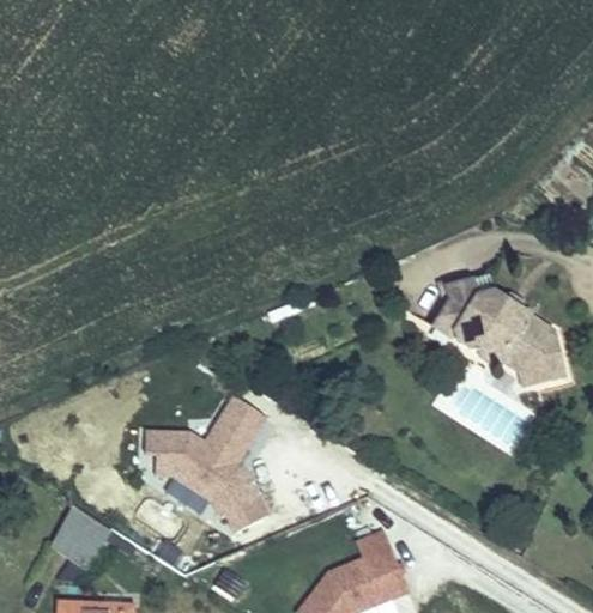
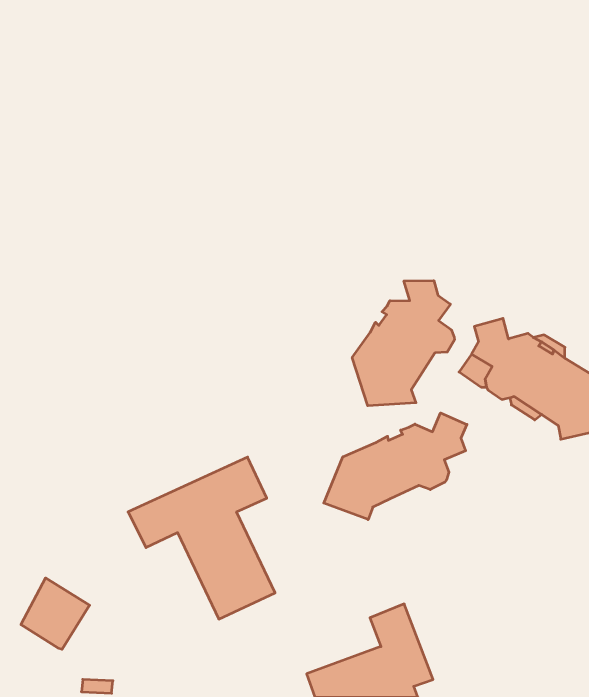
building: none -> [352,281,454,406]
building: none -> [324,413,467,520]

